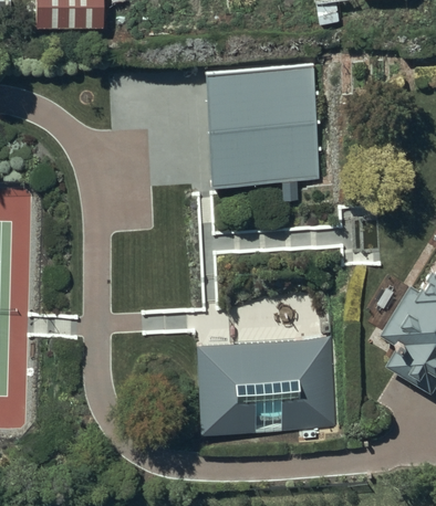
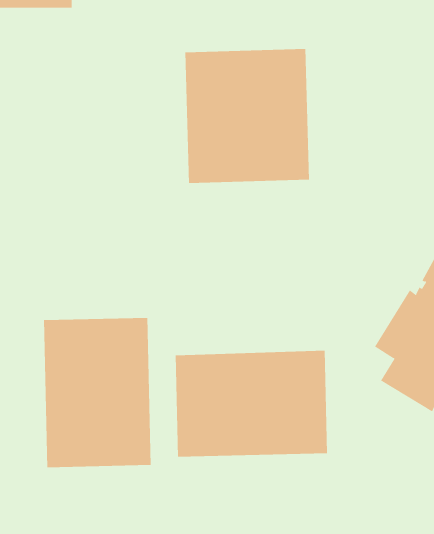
building: none -> [44,317,151,468]

